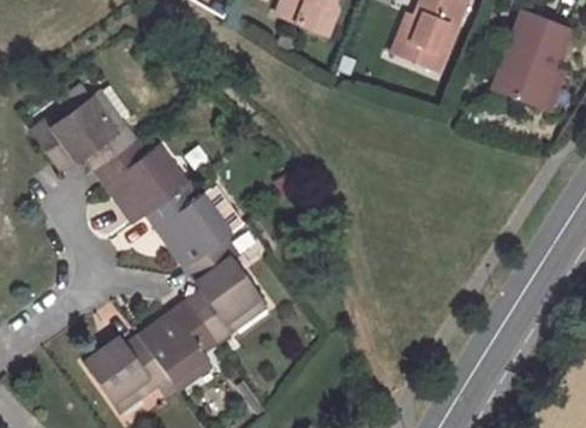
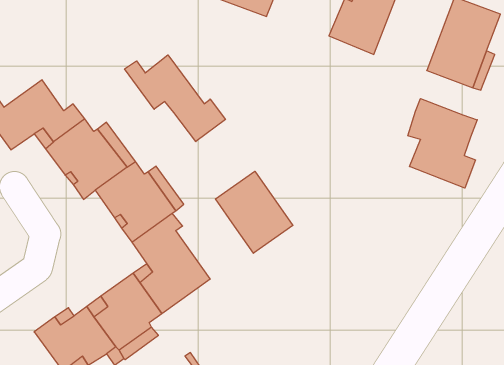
building: none -> [125,55,225,142]
building: none -> [408,99,477,188]
building: none -> [215,171,293,253]

